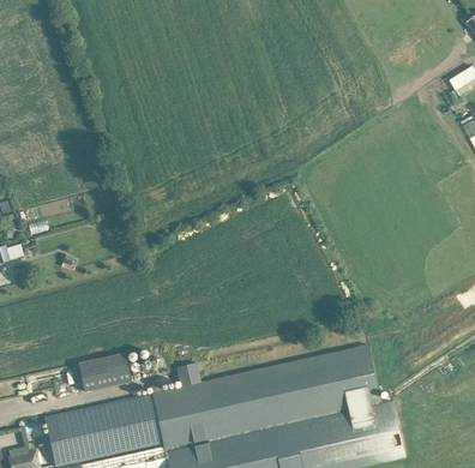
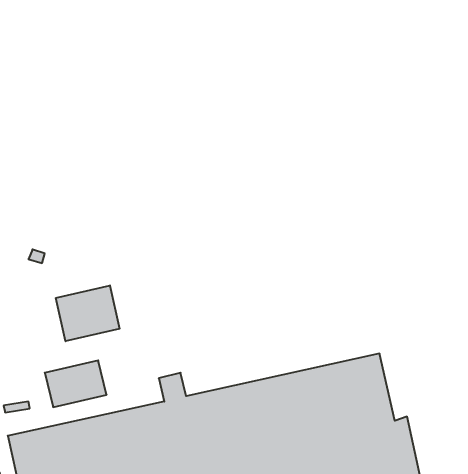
building: none -> [56,285,120,341]

